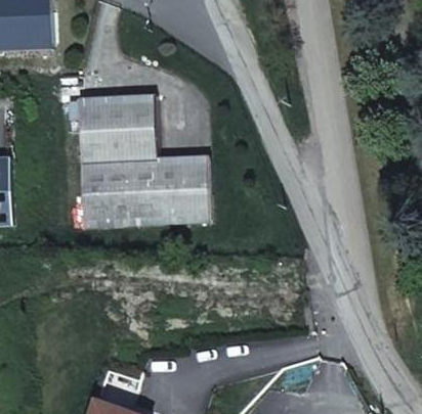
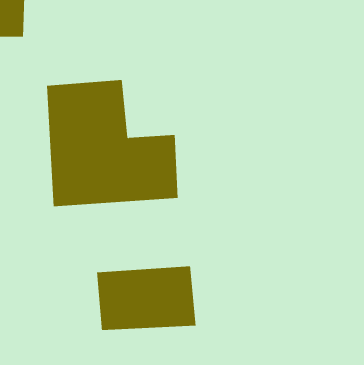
building: none -> [97,265,196,331]

